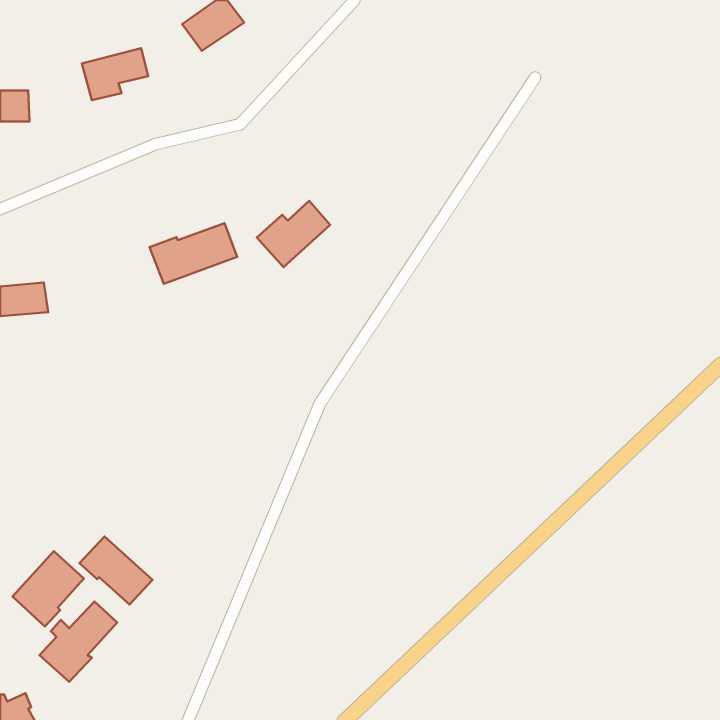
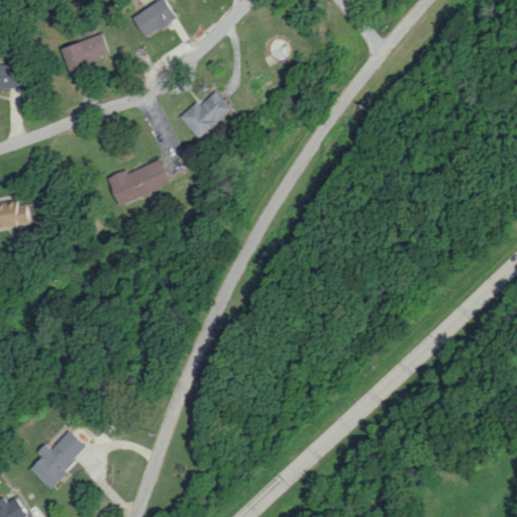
building: [257,201,330,267] -> [180,92,232,139]
building: [80,536,152,605] -> none
building: [13,551,84,627] -> none

